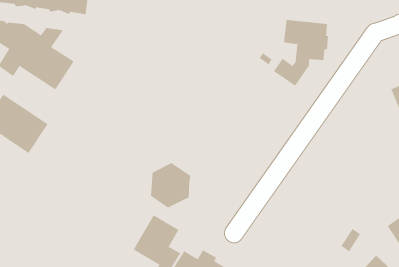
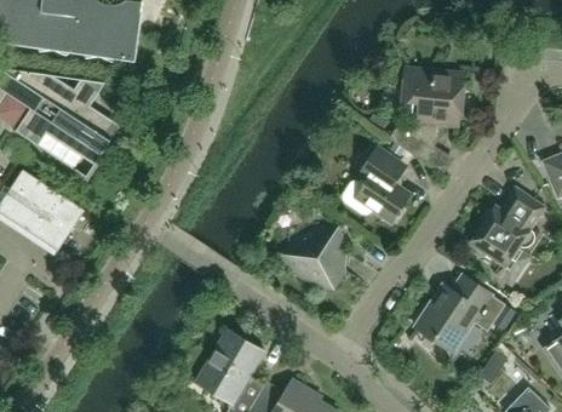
building: none -> [344,148,409,221]
building: none -> [471,187,545,265]
building: [150,163,191,208] -> [291,225,346,287]
building: none -> [415,274,512,351]

